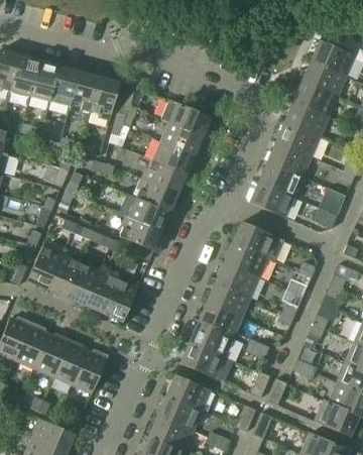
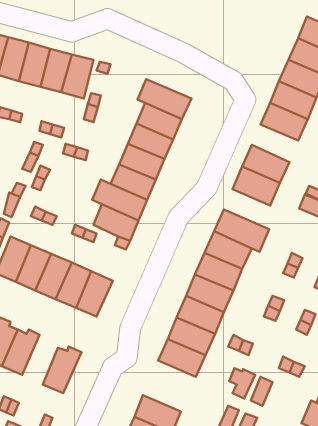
building: [267,141,311,177] -> none
building: [52,338,86,384] -> none
building: [165,374,210,410] -> none

